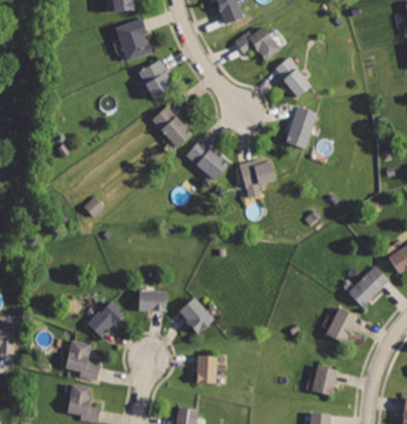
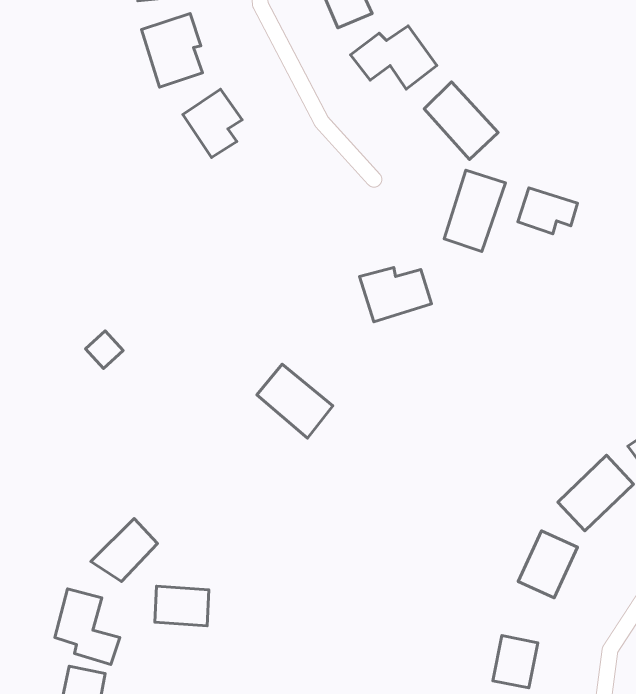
building: [148,103,193,149] -> none
building: none -> [518,188,577,234]
building: [184,140,227,182] -> [257,364,333,438]
building: [137,289,167,311] -> [155,586,209,626]
building: [177,296,215,335] -> none
building: [196,354,216,383] -> none

